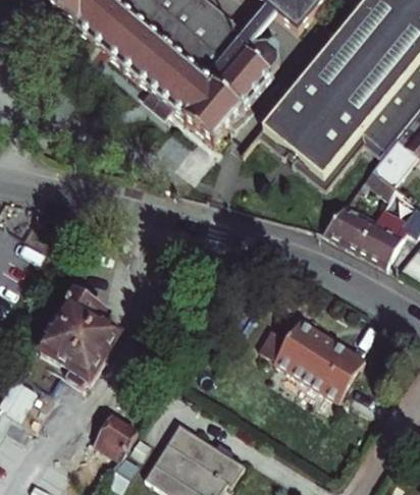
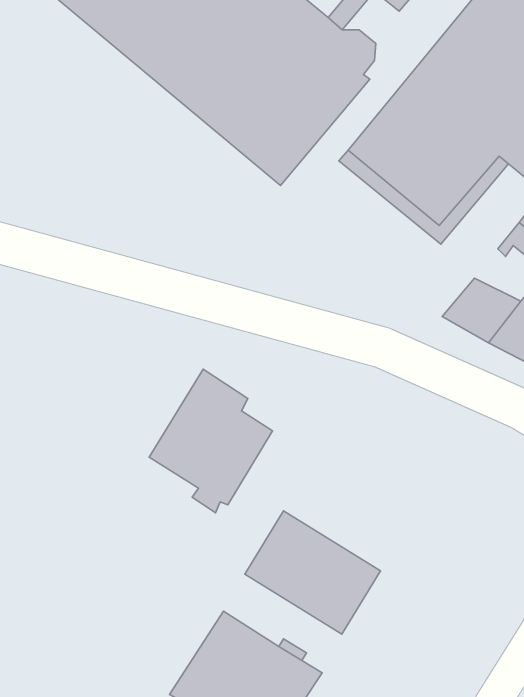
building: [39,293,120,388] -> [149,369,272,513]
building: [274,320,364,401] -> [245,511,380,634]
building: [96,416,139,459] -> none

